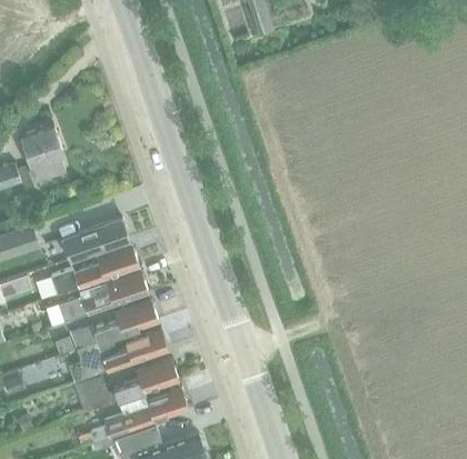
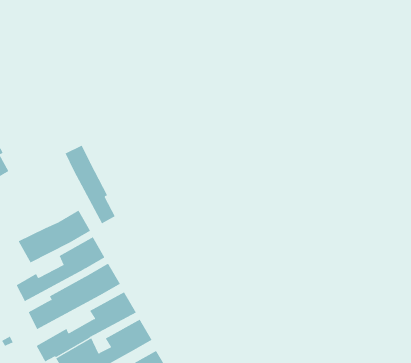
building: none -> [65,145,116,224]

